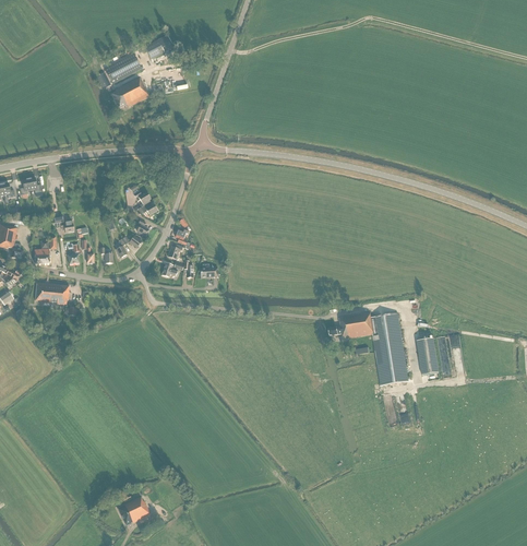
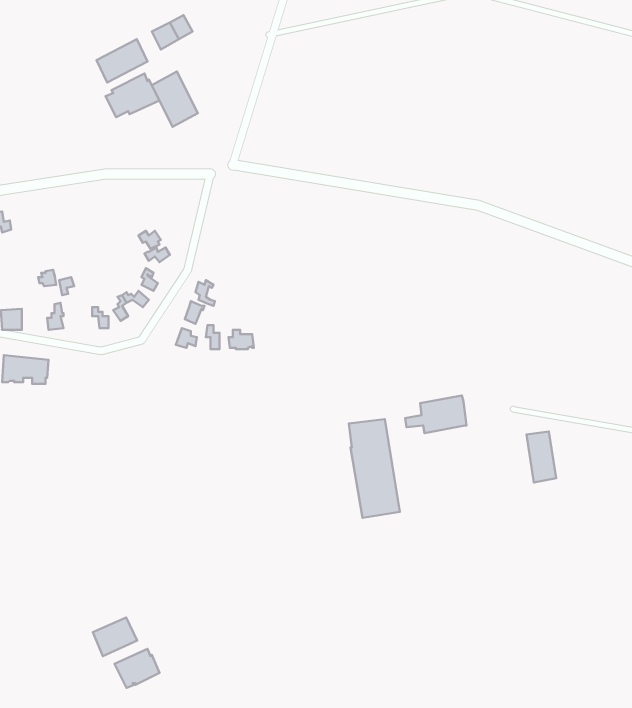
building: none -> [152,71,198,127]
building: [371,312,408,384] -> [349,419,400,518]
building: none -> [93,617,137,656]

